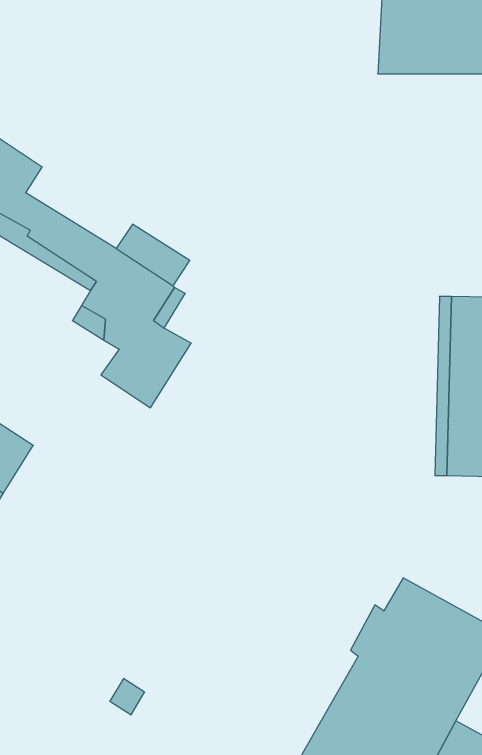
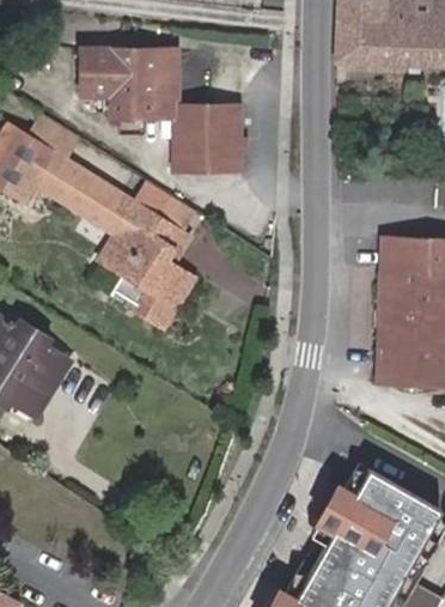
building: none -> [77,56,236,177]

